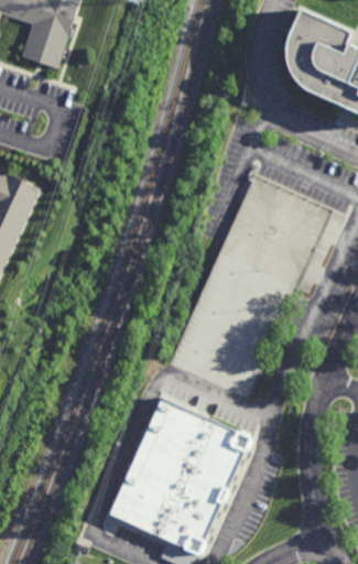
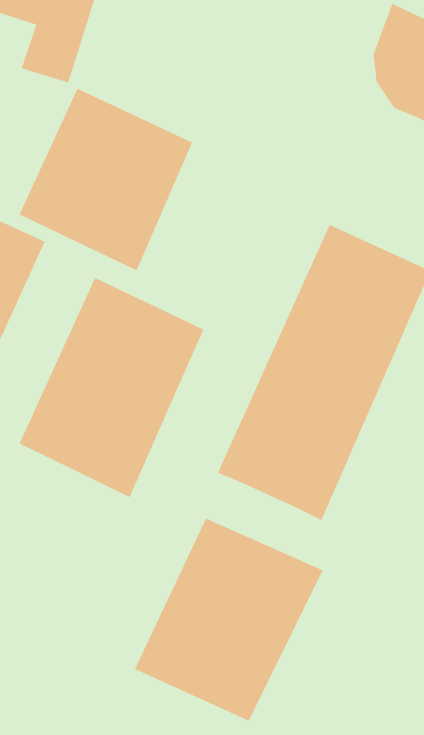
building: none -> [19,88,193,271]
building: none -> [19,277,204,498]

